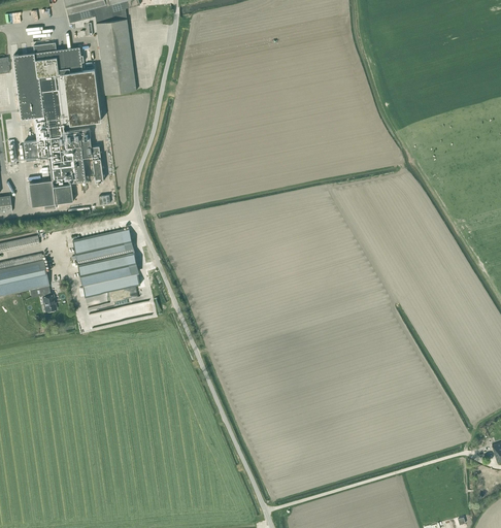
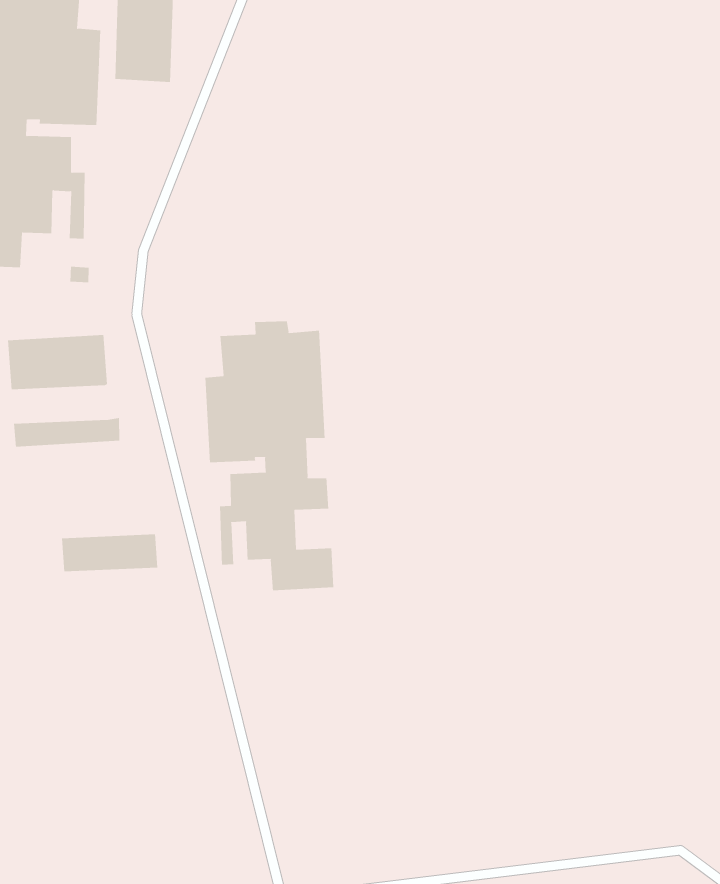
building: none -> [205,320,334,591]
building: [78,256,132,284] -> [61,534,158,572]

